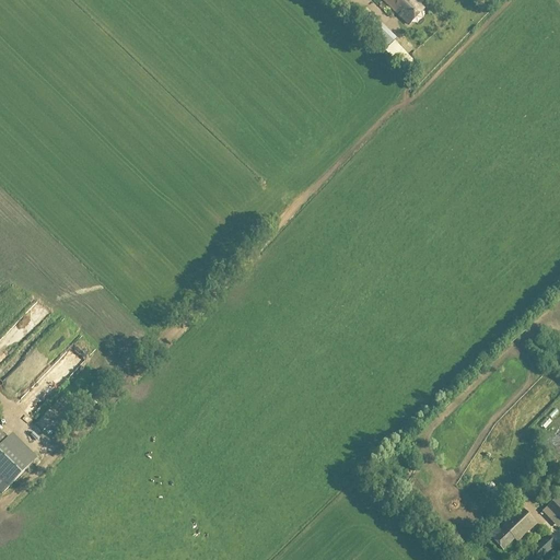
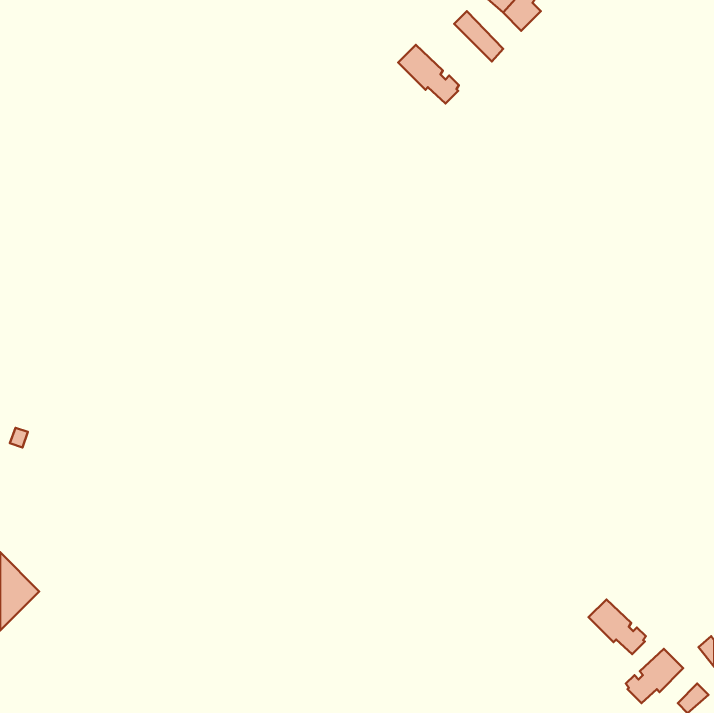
building: none -> [398,45,459,103]
building: none -> [589,599,646,654]

